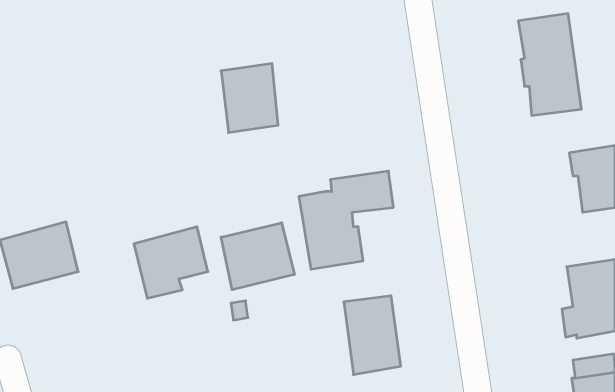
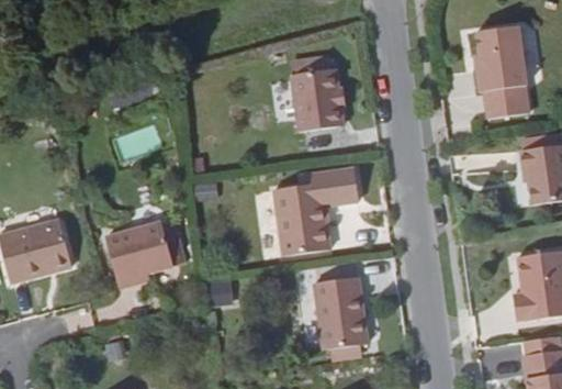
building: [221,64,278,133] -> [291,69,342,132]
building: [221,223,294,290] -> none

